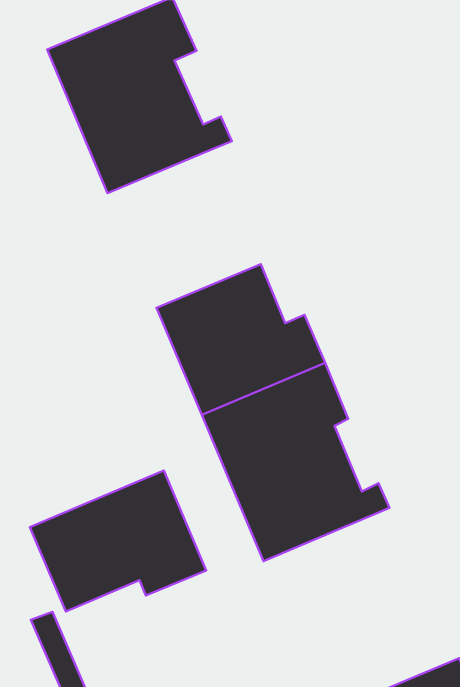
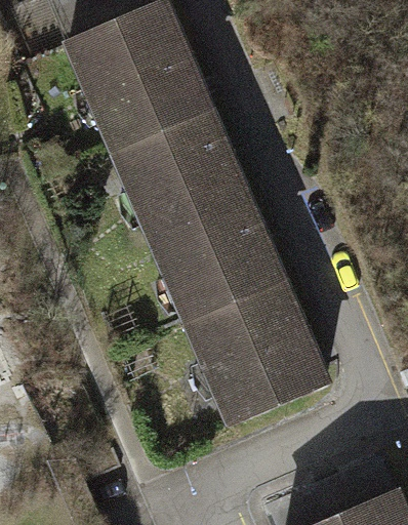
building: none -> [116,113,246,233]
building: [30,470,206,611] -> none

